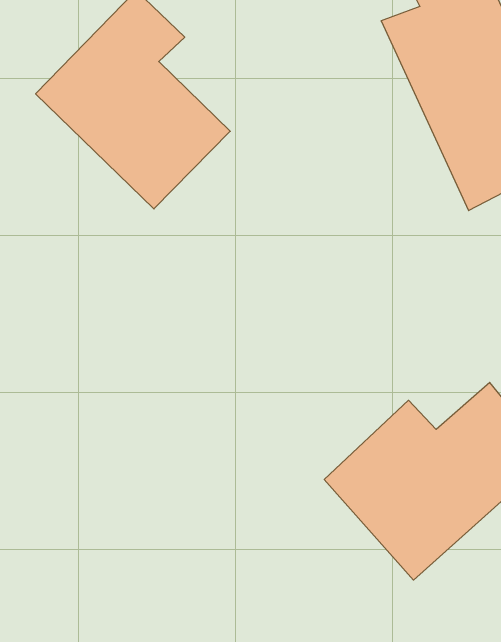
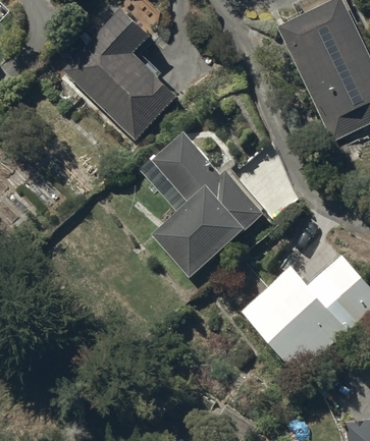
building: none -> [138,127,265,278]

